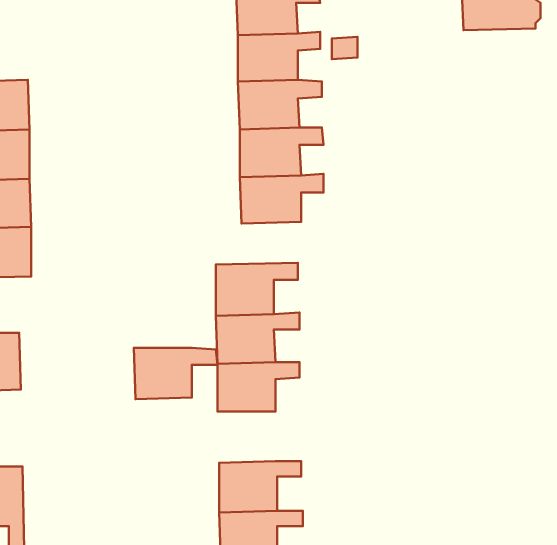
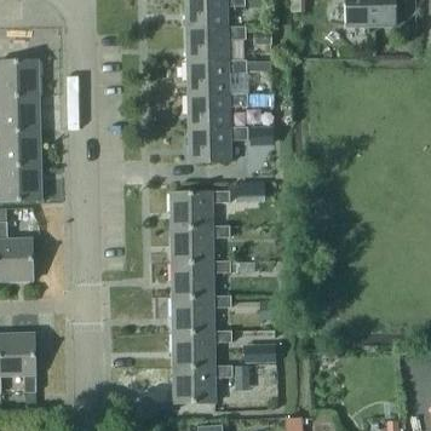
building: [134,348,217,399] -> [172,294,231,331]

